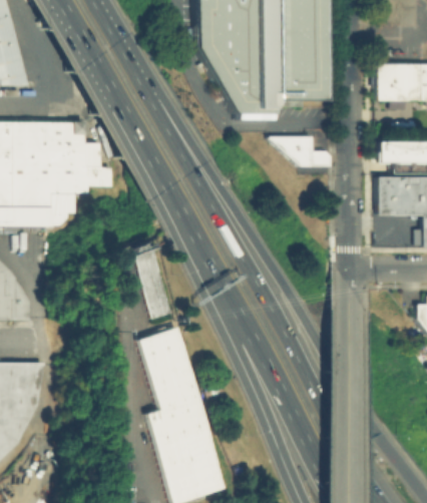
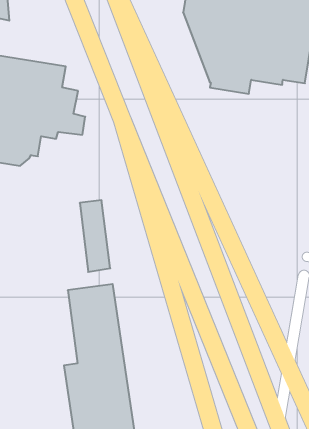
building: [271,134,334,164] -> none

